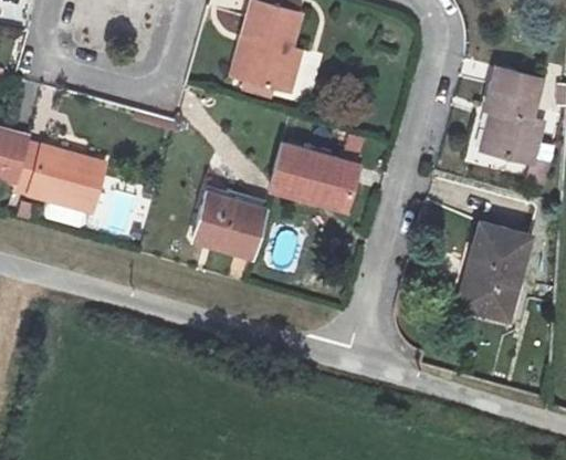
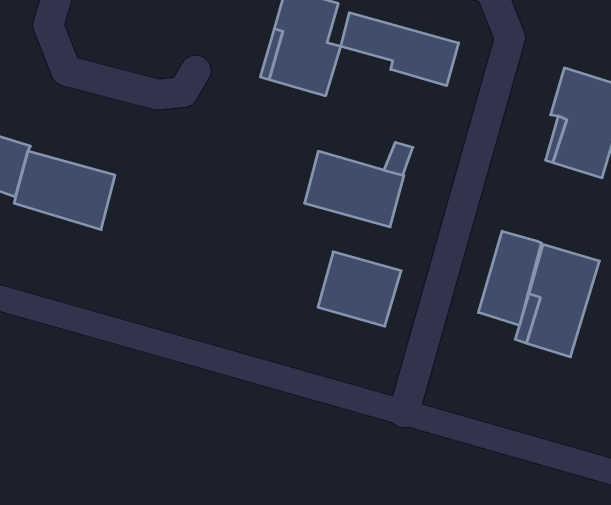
building: none -> [341,13,459,86]
building: [191,190,264,255] -> [318,252,401,326]
building: none -> [478,231,541,325]

